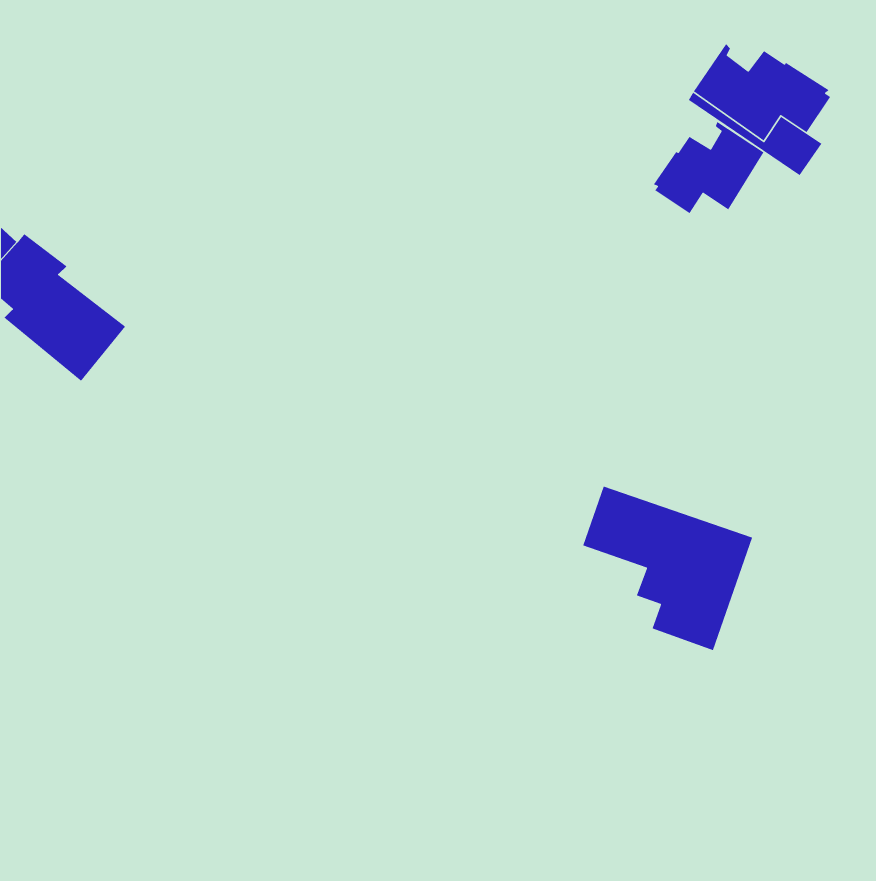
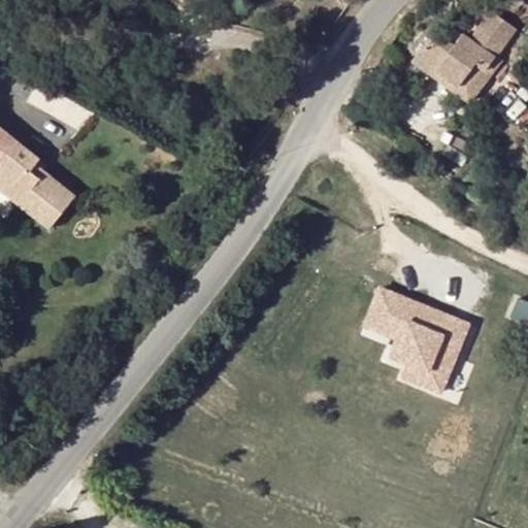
building: none -> [473,10,518,55]
building: [653,121,765,214] -> none

